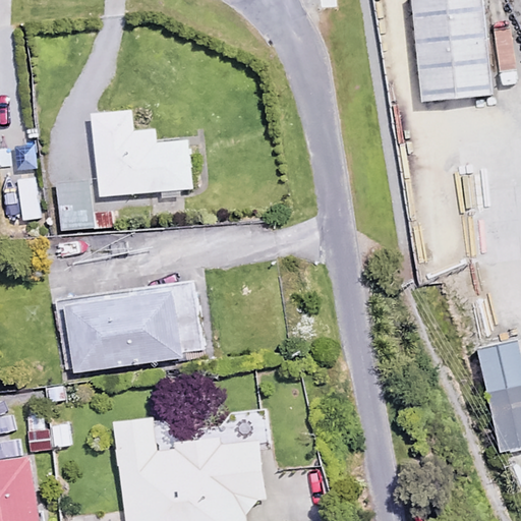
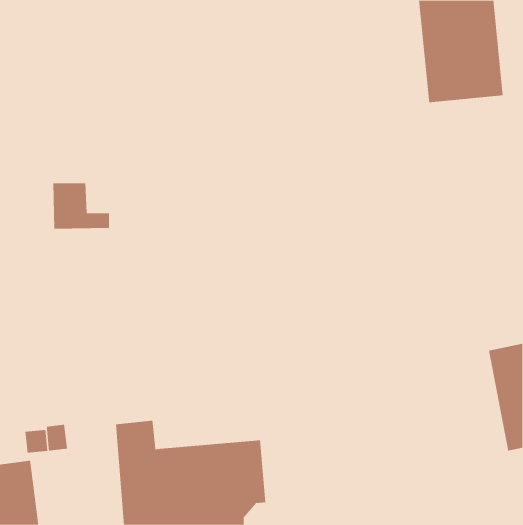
building: [91,109,190,194] -> none
building: [63,287,199,369] -> none

